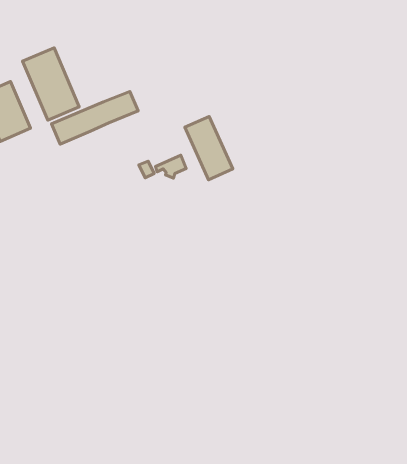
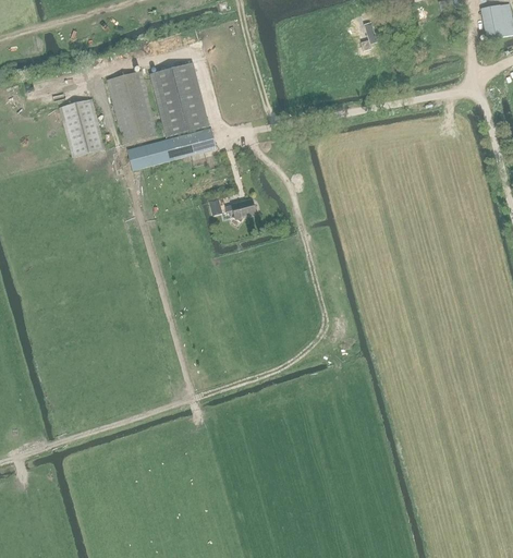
building: none -> [148,62,208,137]
building: [185,116,233,180] -> none

